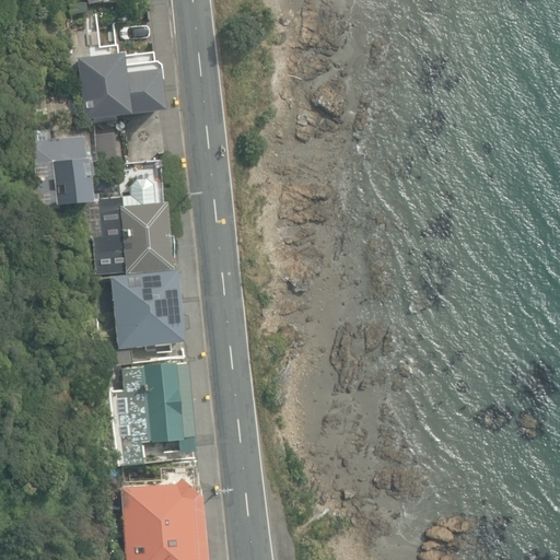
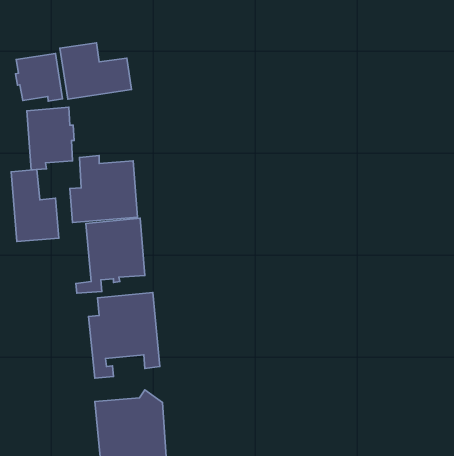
building: none -> [15,54,62,101]
building: none -> [11,170,59,241]

